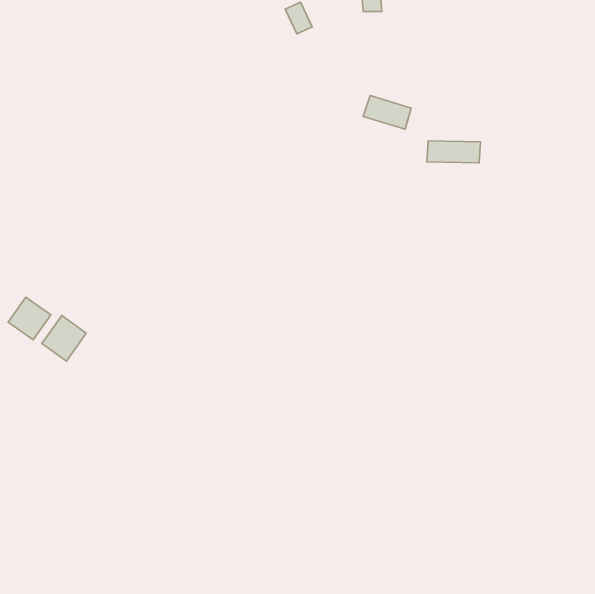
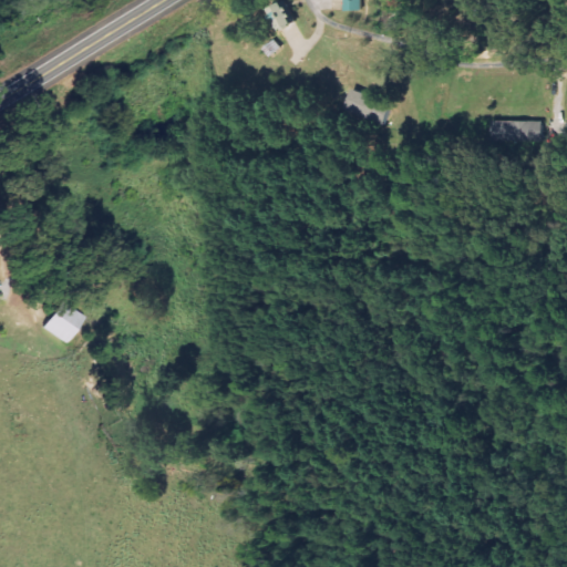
building: [427,141,480,163] -> [493,121,544,142]
building: [8,297,51,340] -> none

